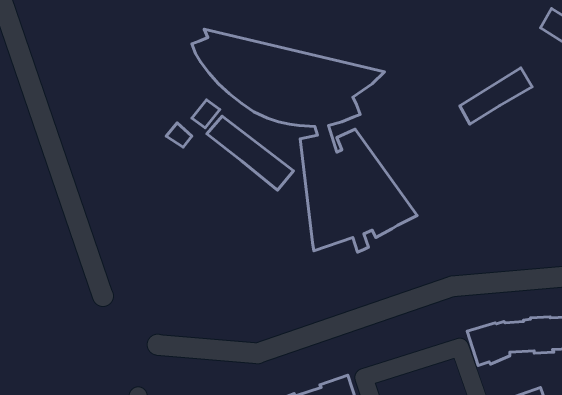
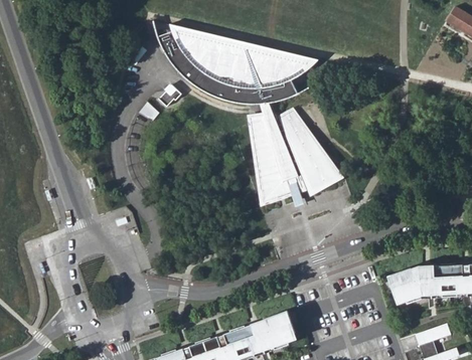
building: [460,68,532,124] -> none
building: [207,116,293,190] -> none

